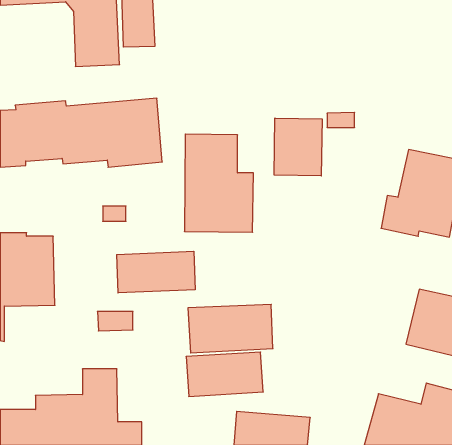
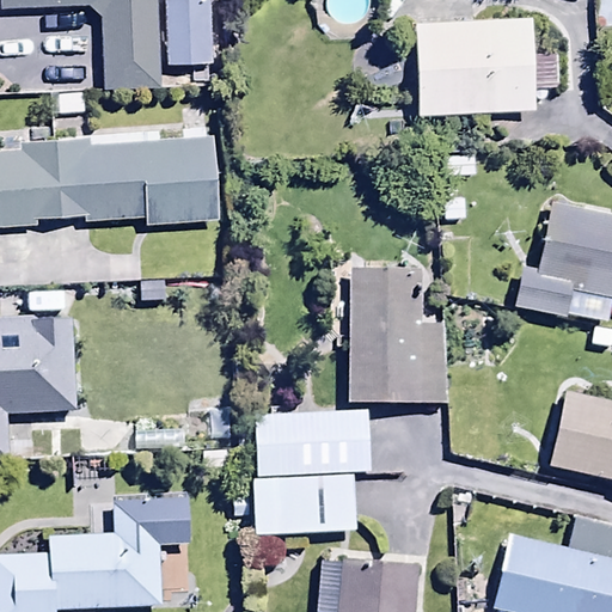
building: none -> [415,17,538,115]
building: [274,118,322,176] -> none
building: [184,134,253,232] -> [349,271,442,404]
building: [117,251,195,293] -> none

